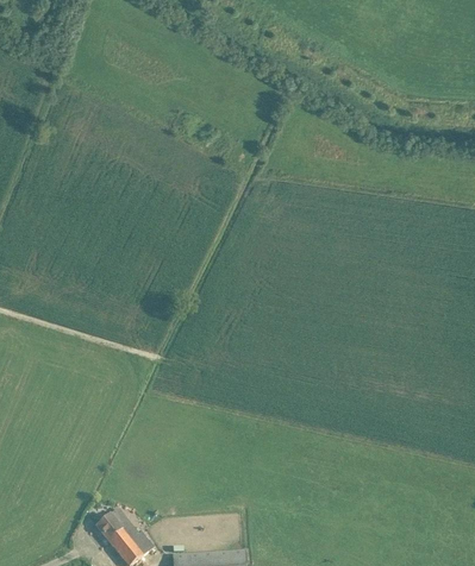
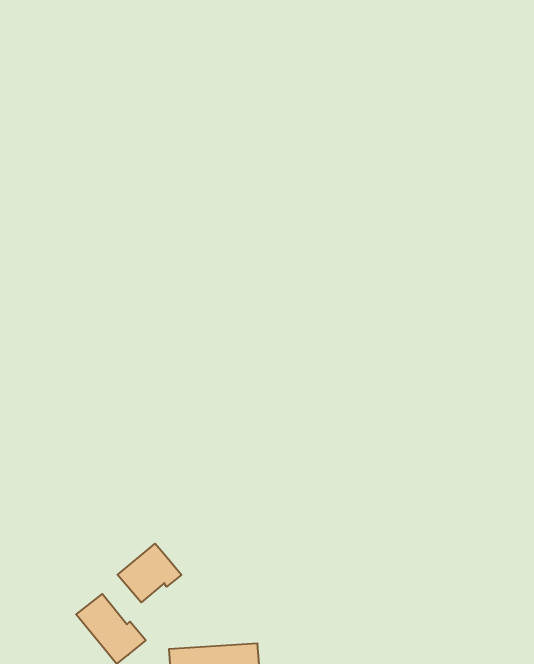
building: none -> [117,544,181,602]

